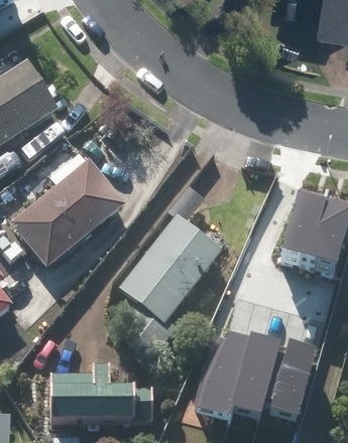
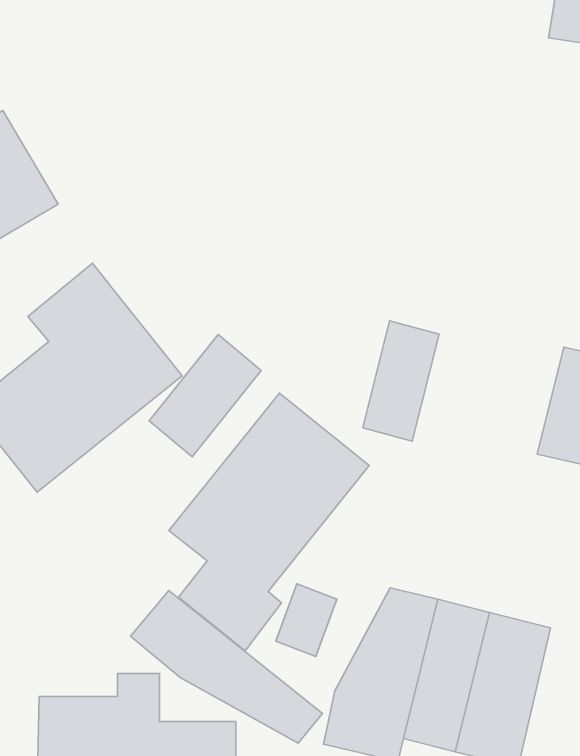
building: [284,184,325,248] -> [363,321,439,441]
building: none -> [149,335,261,457]
building: none -> [131,591,322,743]

